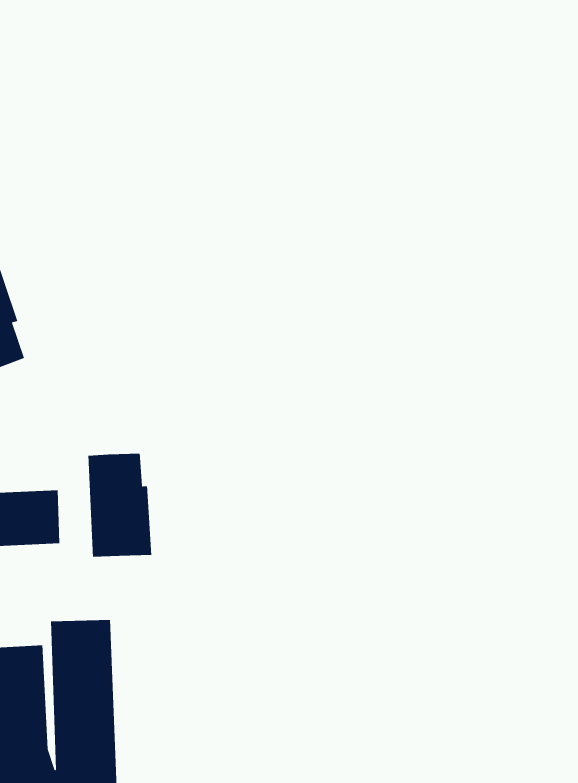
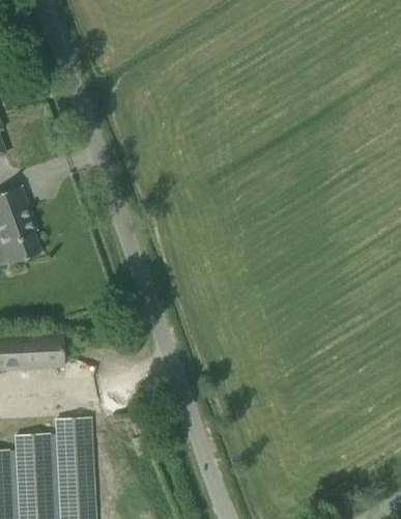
building: [88,453,152,557] -> none

